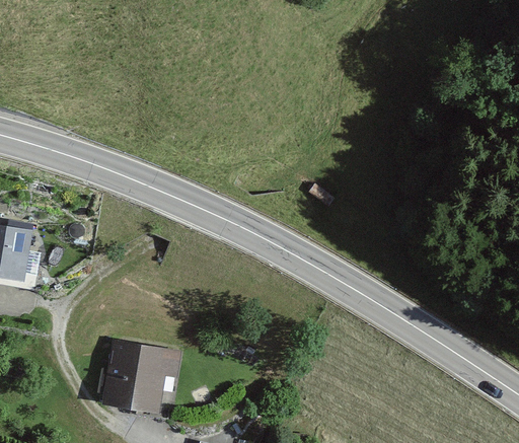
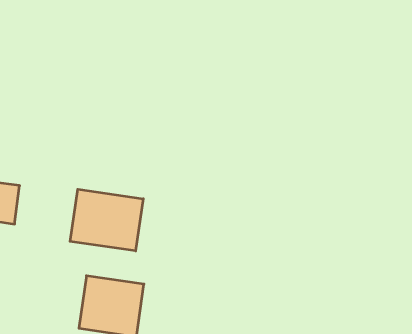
building: none -> [70,189,143,251]

